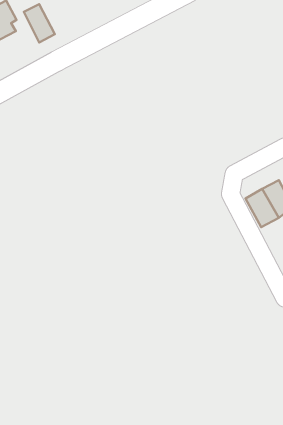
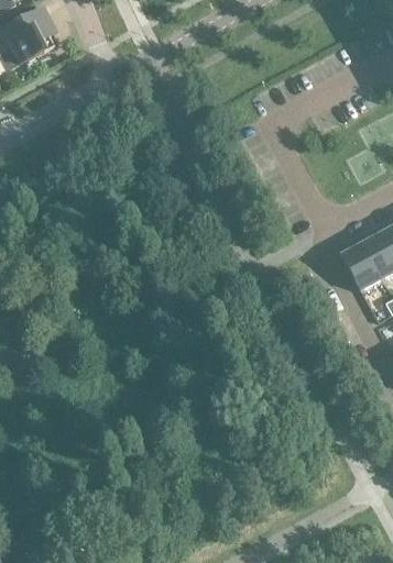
building: [24,4,55,42] -> none

